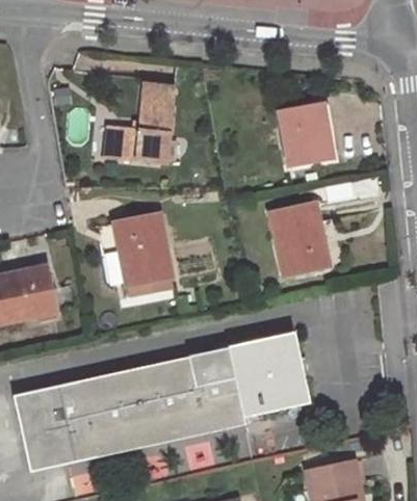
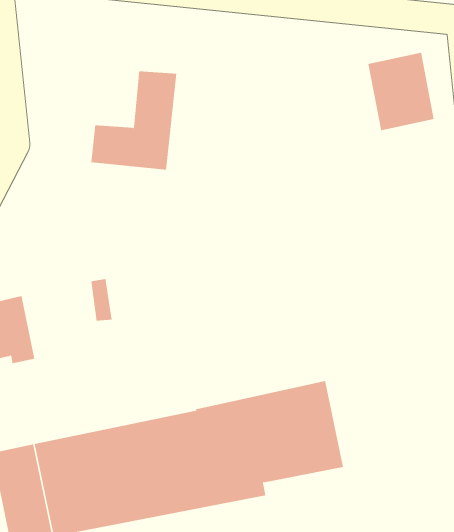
building: [279,103,333,166] -> [367,52,435,131]
building: [271,207,329,276] -> none
building: [115,214,172,285] -> none

